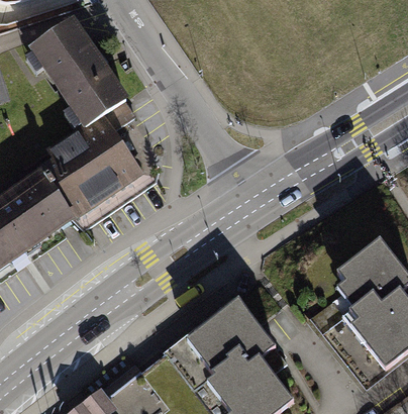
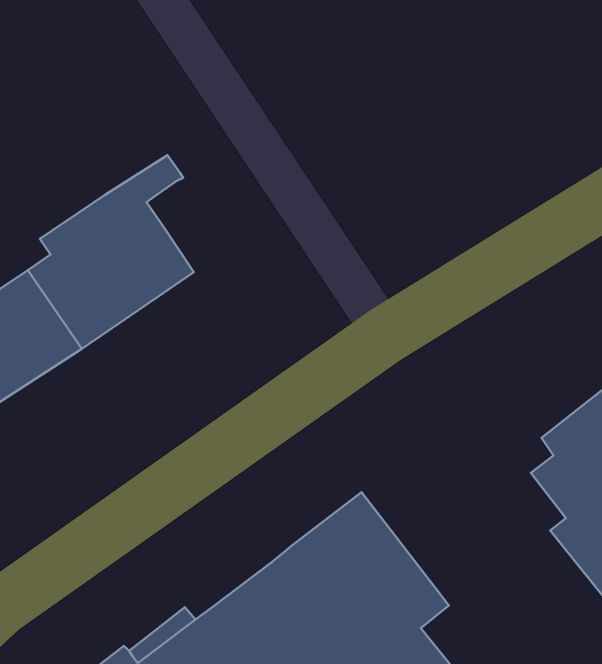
building: [35,20,128,126] -> none

